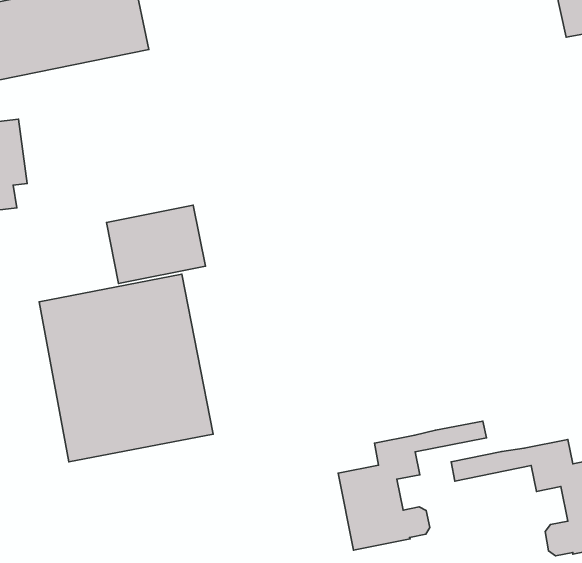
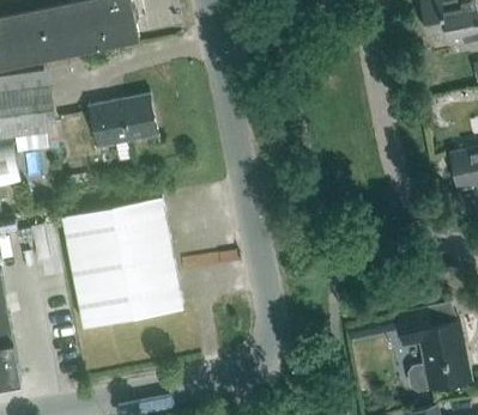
building: [106,205,205,283] -> [89,97,157,151]
building: [338,421,486,550] -> none

